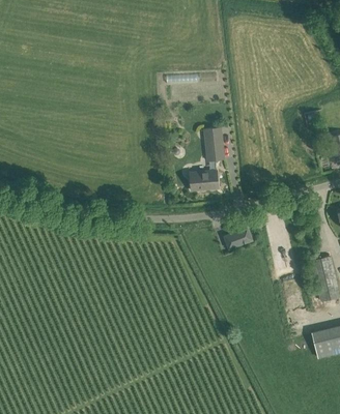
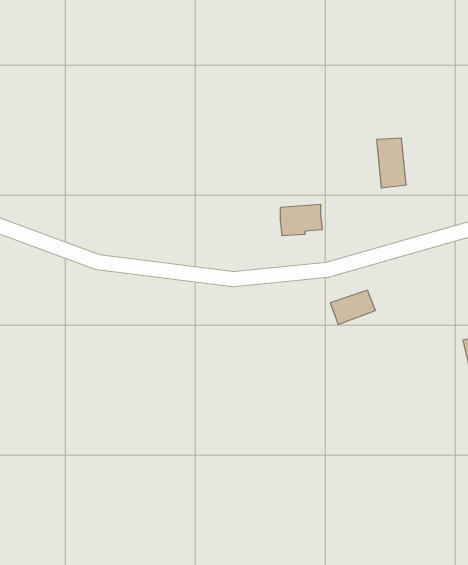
building: [205,127,225,160] -> [377,138,406,188]

